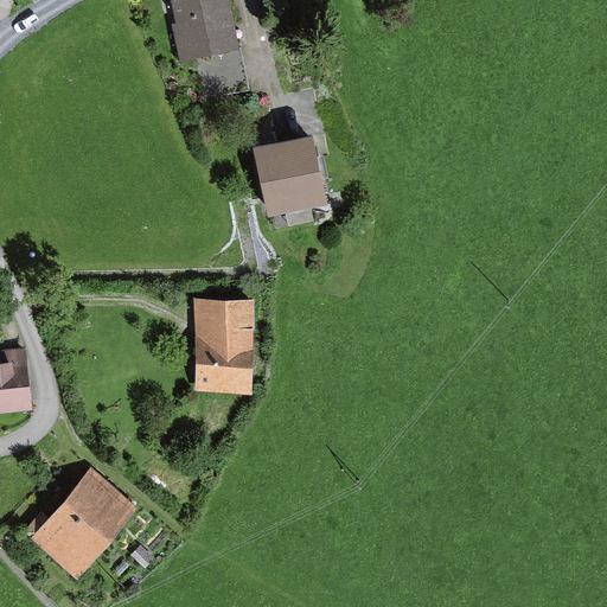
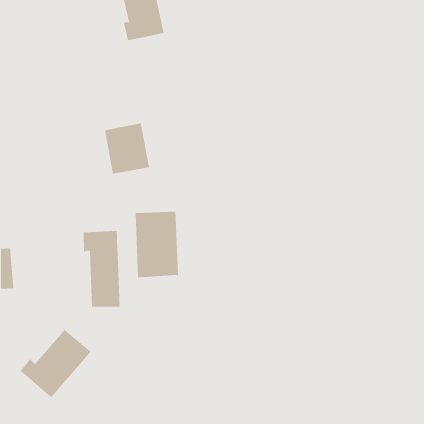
building: [255,139,320,212] -> [104,123,150,174]
building: none -> [83,230,120,307]

